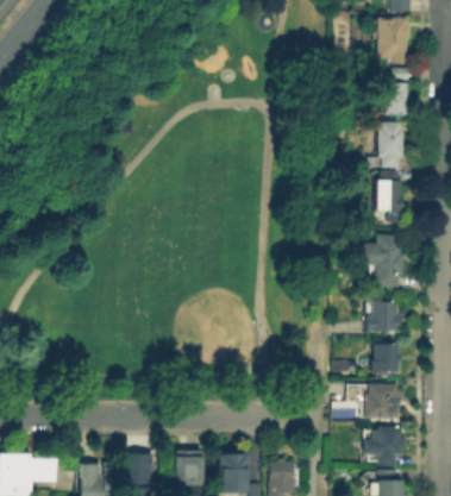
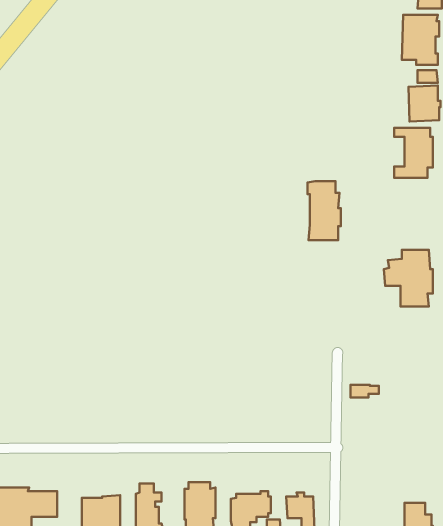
building: [372,169,403,224] -> [307,181,341,240]
building: [365,300,401,332] -> none
building: [372,345,402,372] -> none
building: [345,383,397,416] -> none
building: [361,426,402,465] -> none

